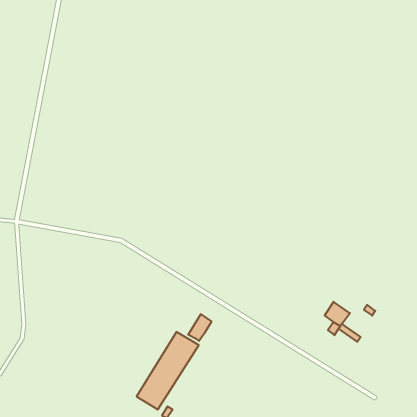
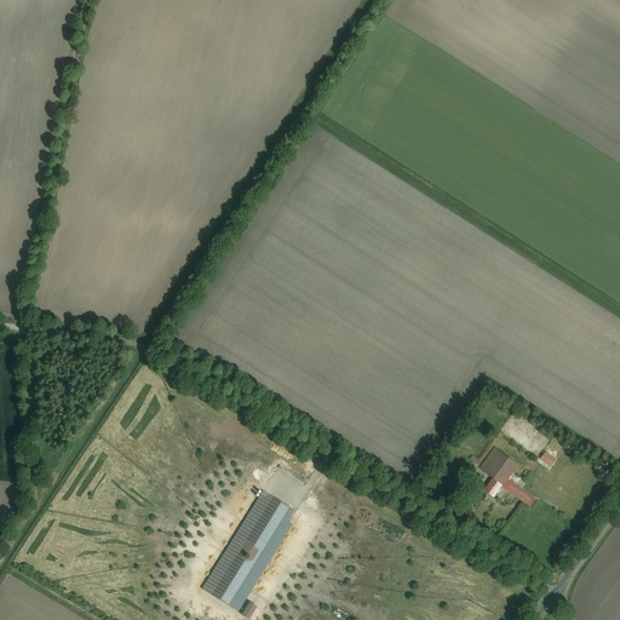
building: [188,314,211,341] -> none

